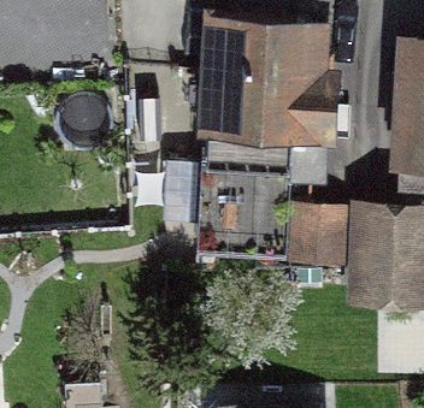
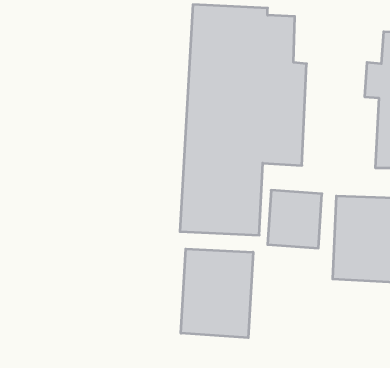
building: none -> [181,249,253,338]

